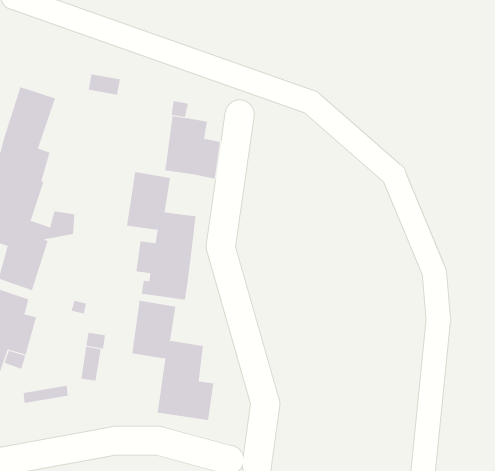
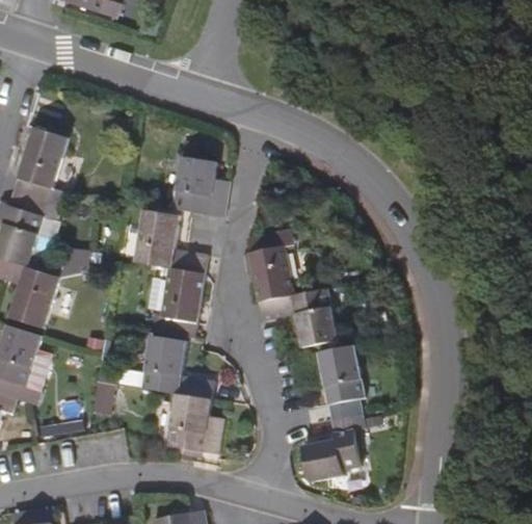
building: none -> [245,230,337,347]
building: none -> [302,344,379,481]

